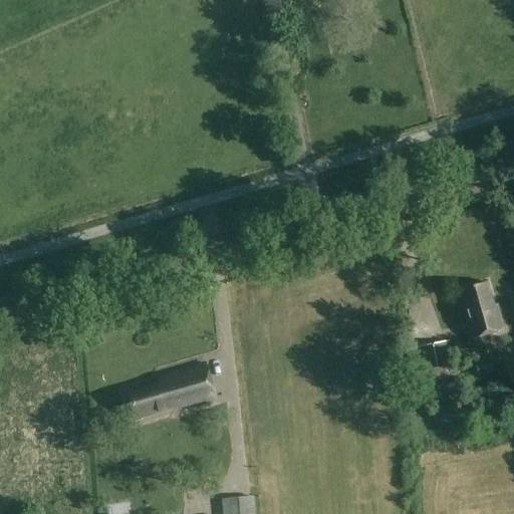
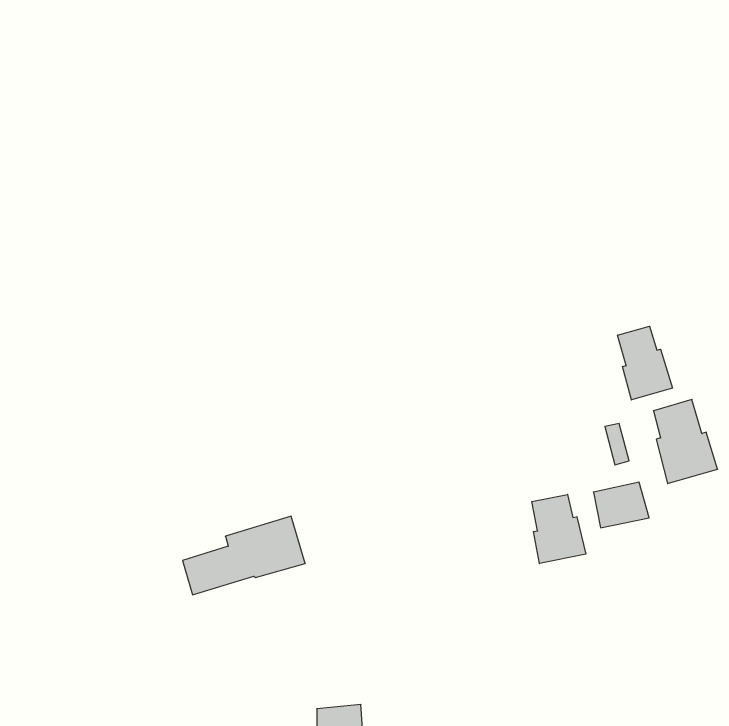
building: none -> [618,326,673,400]
building: none -> [532,494,586,564]

